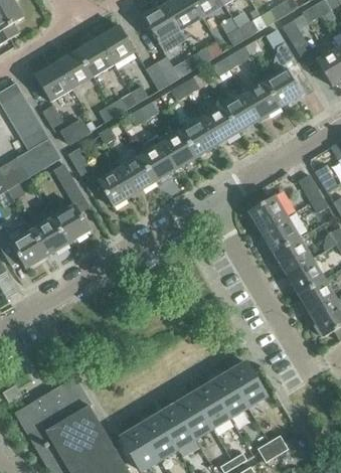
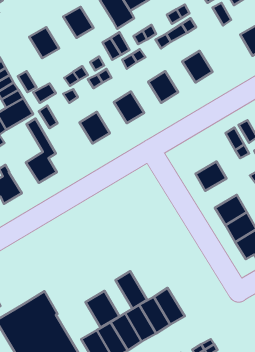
building: [76,37,114,76] -> none
building: [266,40,312,106] -> none
building: [34,62,71,102] -> none
building: [223,93,261,131] -> none
building: [181,118,218,156] -> none
building: [139,143,176,181] -> none
building: [97,168,134,206] -> none
building: [247,195,287,231] -> none
building: [30,217,67,256] -> none
building: [273,238,312,274] -> none
building: [226,361,266,408] -> [115,271,147,309]
building: none -> [86,291,119,328]

